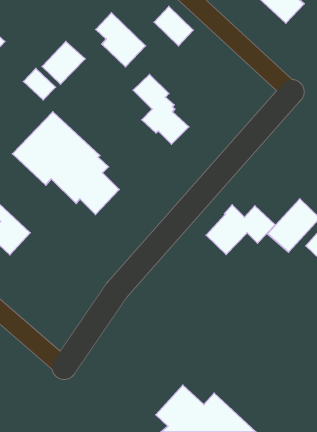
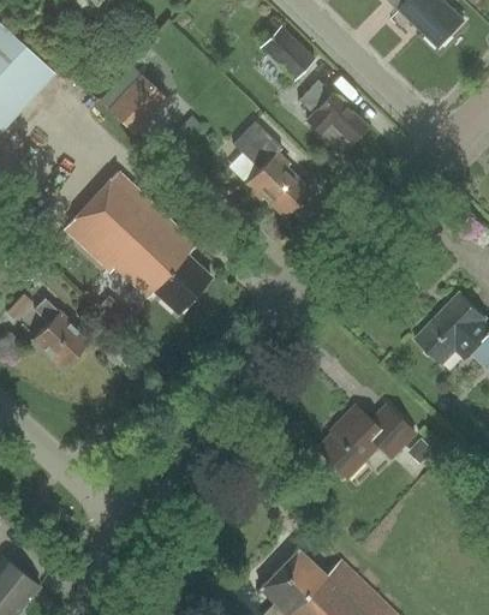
building: [96,13,145,67] -> [298,79,366,154]
building: [23,69,56,100] -> none
building: [206,205,275,254] -> [318,405,413,473]

